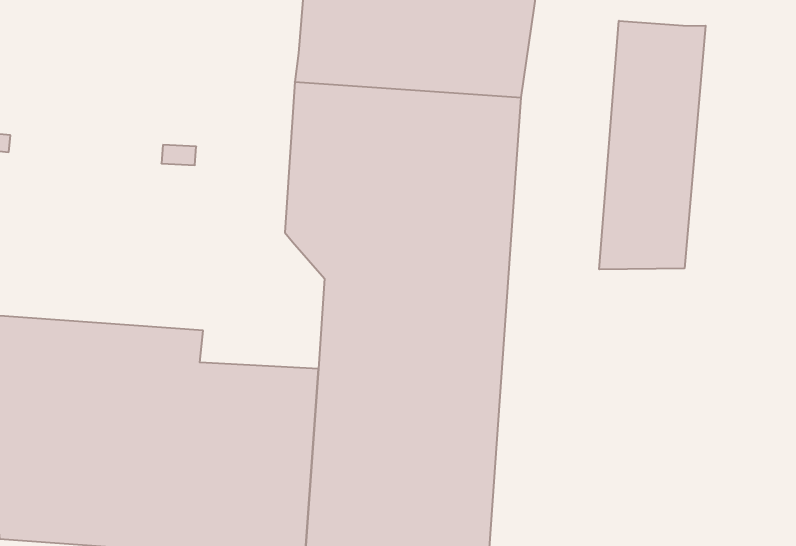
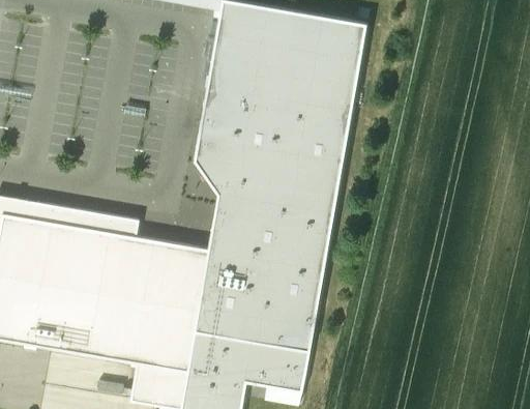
building: [599,21,706,269] -> none

